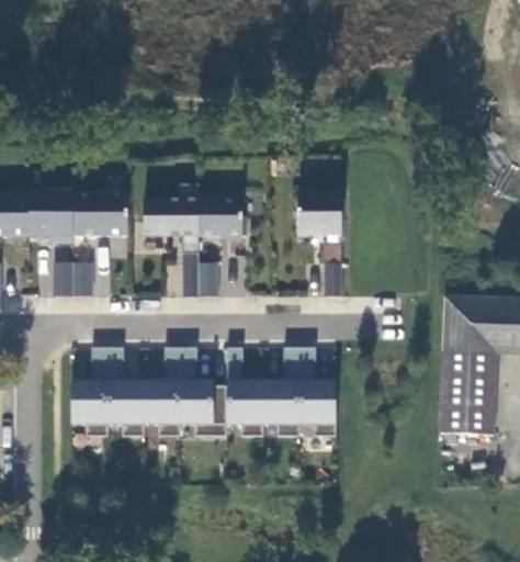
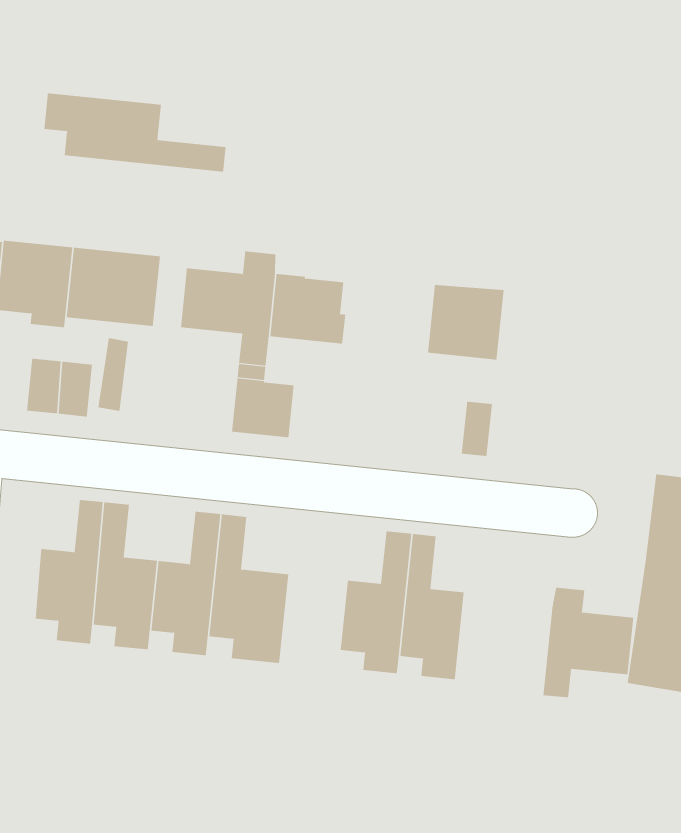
building: none -> [44,93,226,172]
building: [226,348,262,437] -> none
building: none -> [543,587,634,698]

